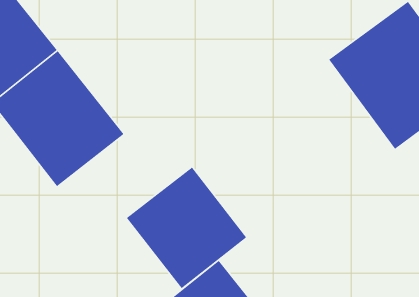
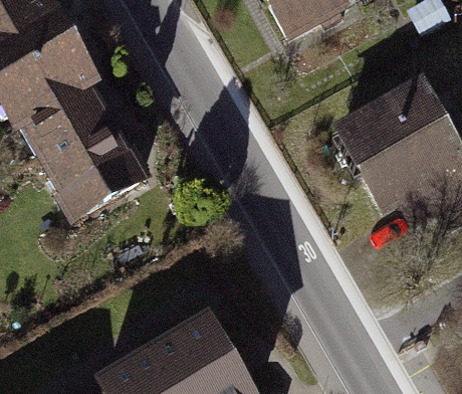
building: [126,167,247,289] -> none

